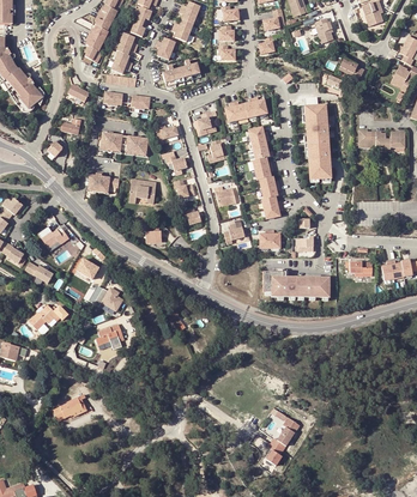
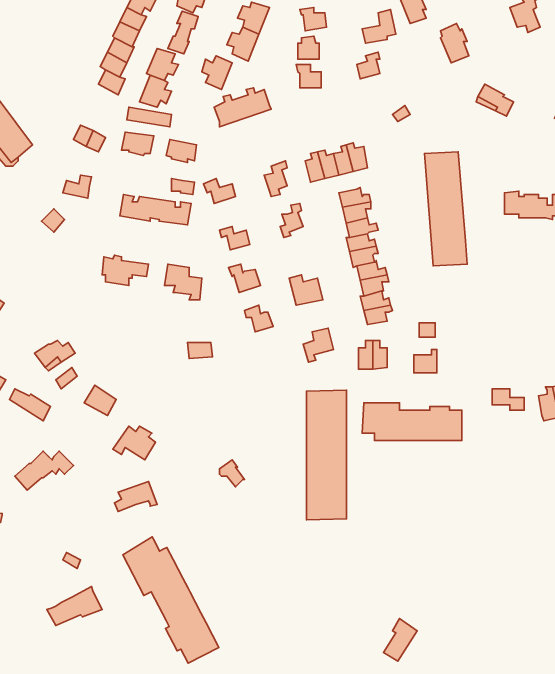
building: none -> [306,390,347,520]
building: none -> [123,537,219,663]

